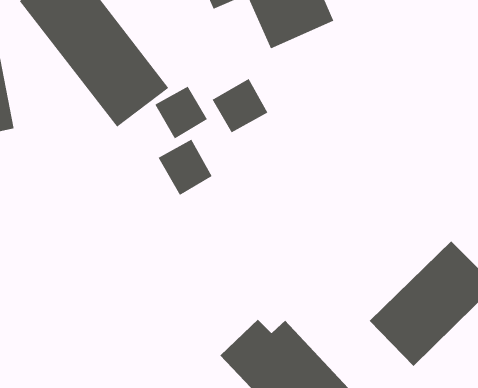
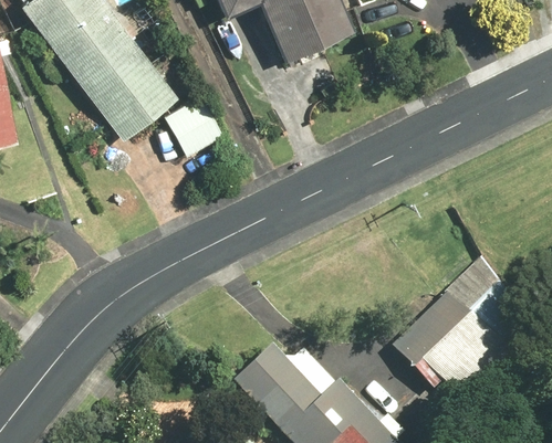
building: [212,78,268,133] -> none
building: [158,139,212,196] -> none

